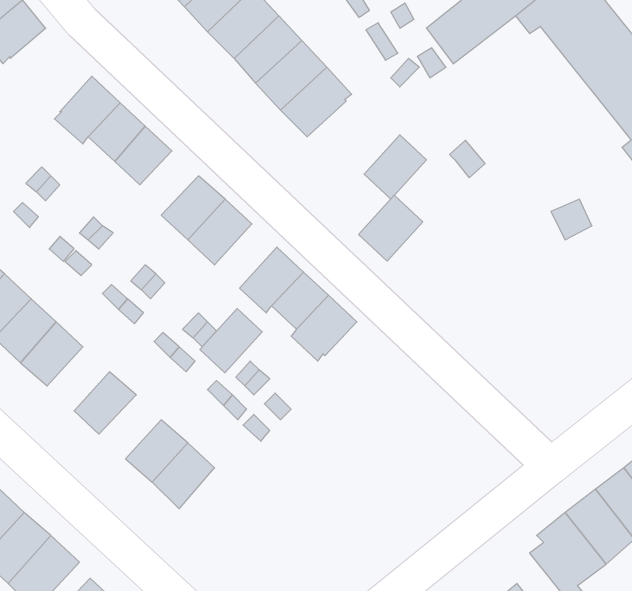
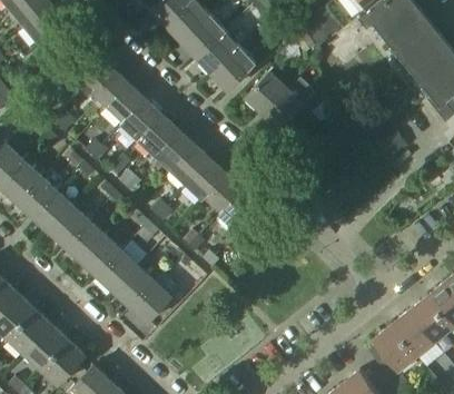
building: none -> [120,99,160,139]
building: [359,195,423,261] -> [246,72,286,114]
building: [200,309,262,373] -> [170,145,209,185]
building: none -> [66,221,105,262]
building: none -> [98,252,137,292]

